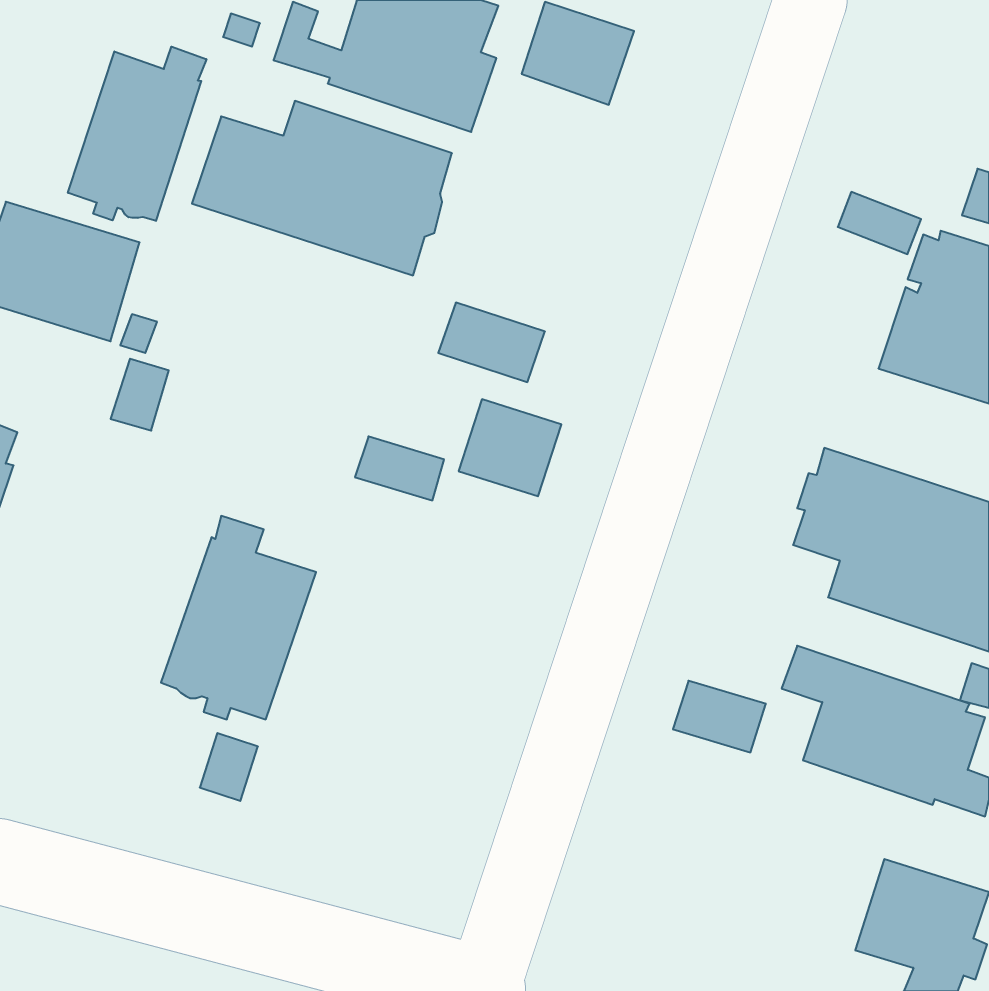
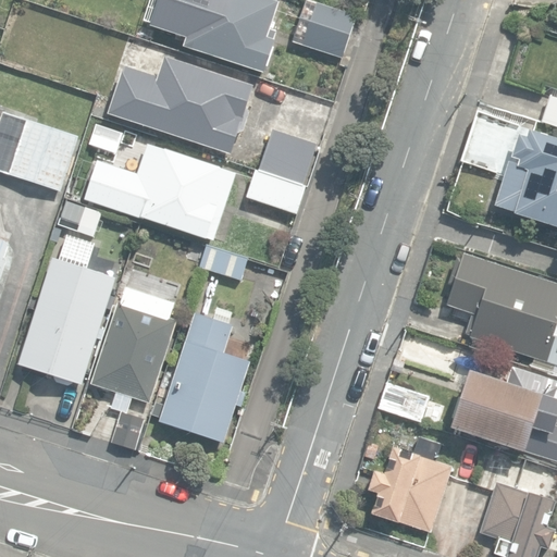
building: [68,47,206,221] -> none
building: none -> [85,144,238,243]
building: [459,399,561,496] -> [259,131,317,185]
building: none -> [18,258,115,384]
building: none -> [151,312,251,443]
building: none -> [369,436,451,533]

